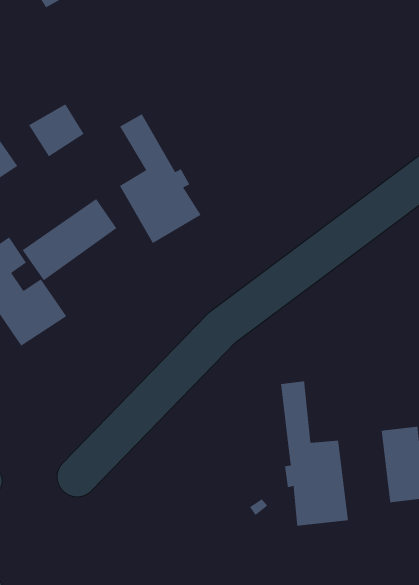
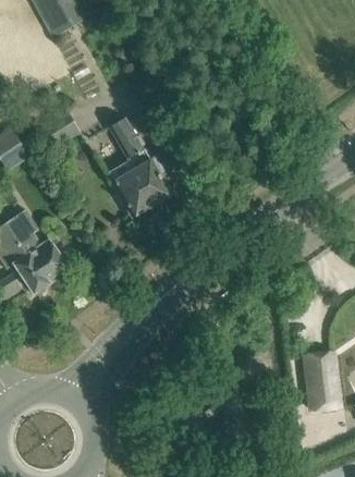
building: [22,198,117,281] -> none
building: [280,380,348,526] -> none

